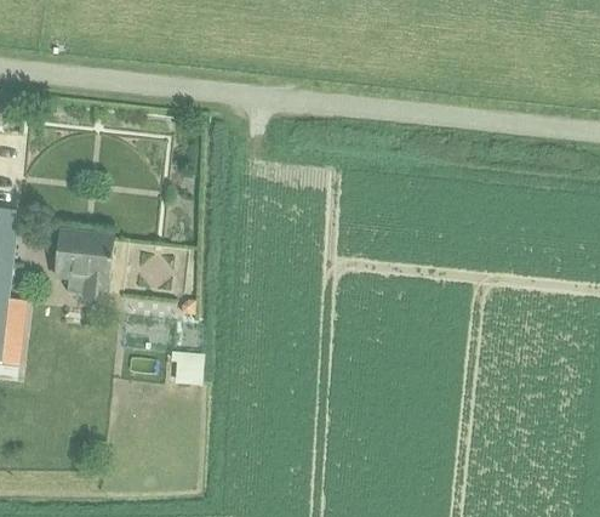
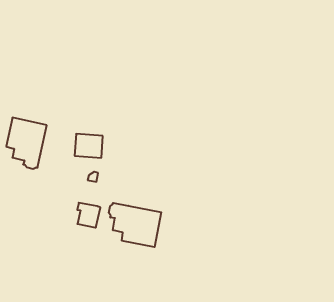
building: none -> [109,203,161,247]

